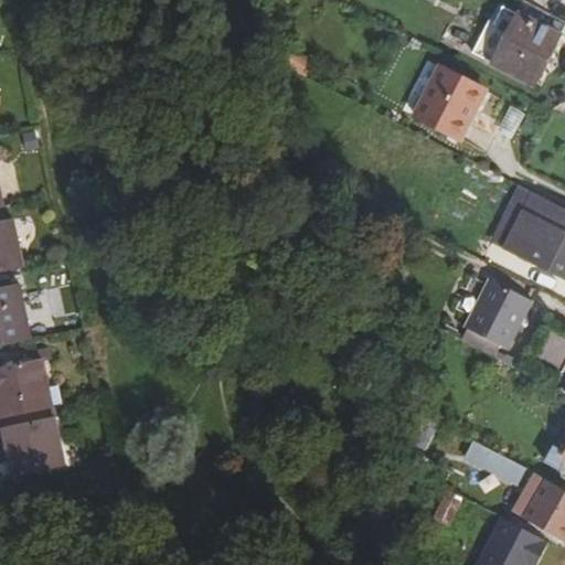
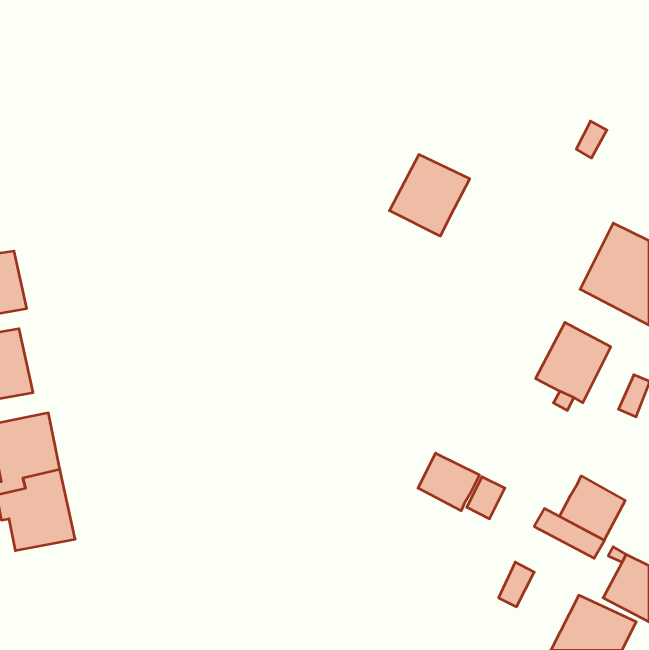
building: [490,12,556,83] -> none
building: [413,70,482,140] -> [389,155,470,236]
building: none -> [418,453,479,511]
building: none -> [559,476,625,540]

